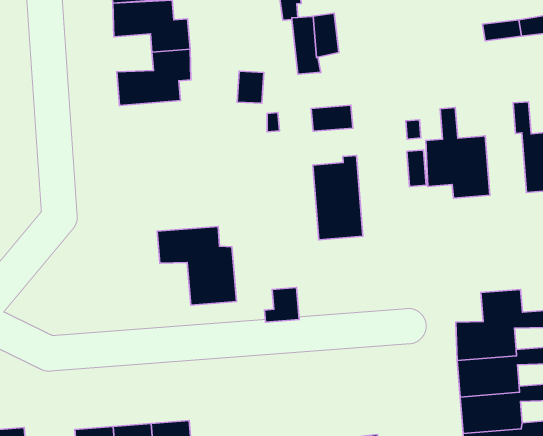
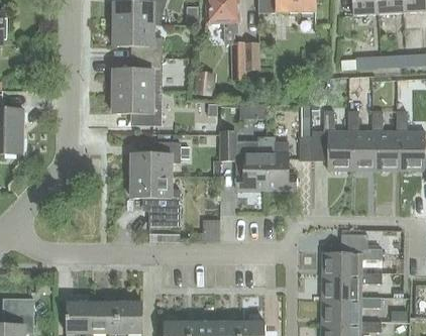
building: none -> [112,91,161,125]
building: none -> [347,110,376,170]
building: none -> [218,130,236,160]
building: none -> [265,136,295,190]
building: none -> [130,141,189,176]

